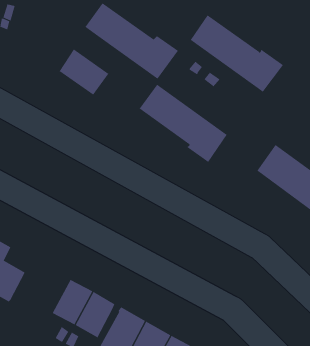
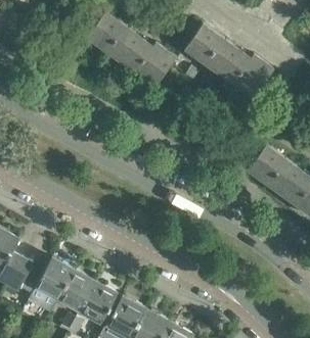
building: [59,49,109,95] -> none
building: [139,84,227,163] -> none
building: none -> [36,258,75,302]

